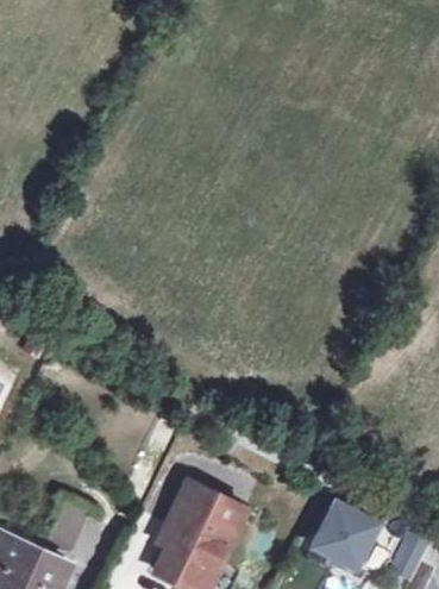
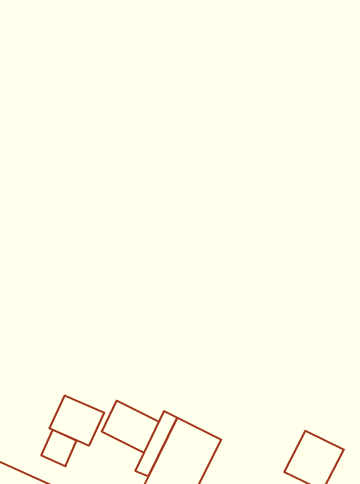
building: none -> [50,395,104,446]
building: none -> [102,401,159,453]

